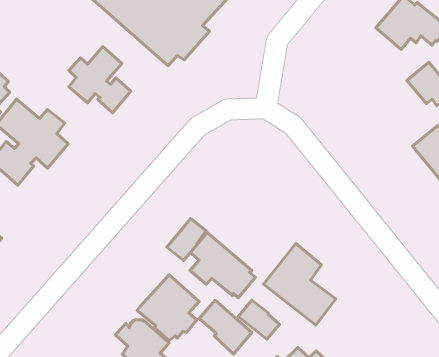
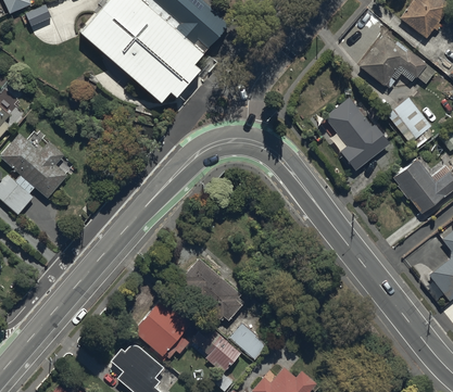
building: [69,46,131,113] -> none
building: none -> [324,99,389,170]
building: [167,219,206,260] -> none
building: [264,244,336,325] -> none

